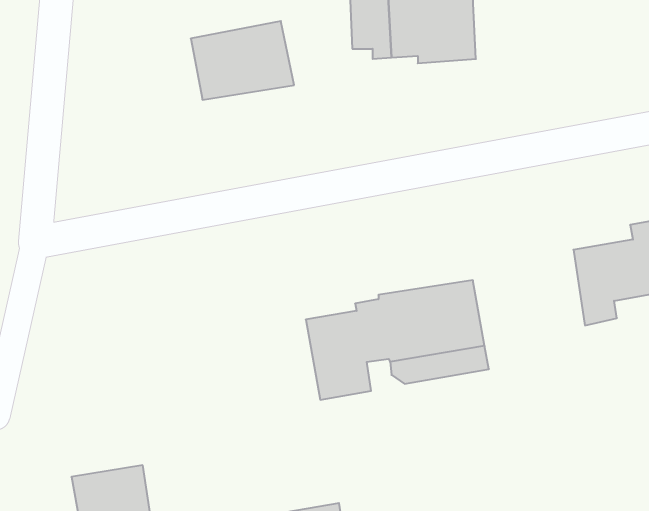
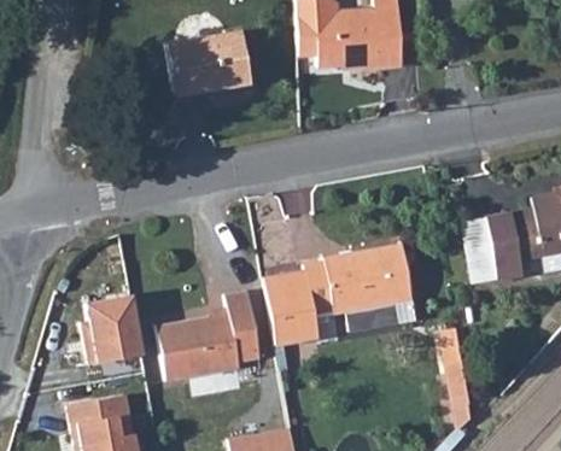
building: none -> [460,218,493,285]
building: none -> [157,293,259,385]
building: none -> [84,297,145,368]
building: none -> [438,327,474,422]

